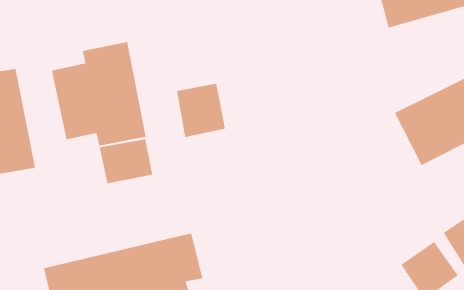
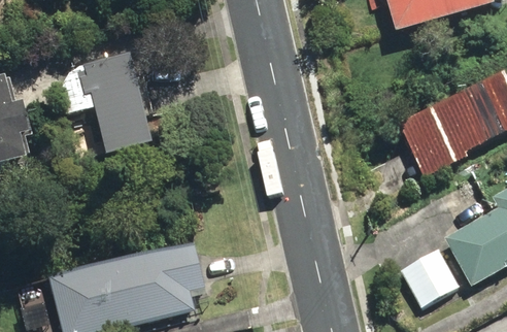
building: [177,83,226,138] -> none
building: [99,139,153,184] -> none

